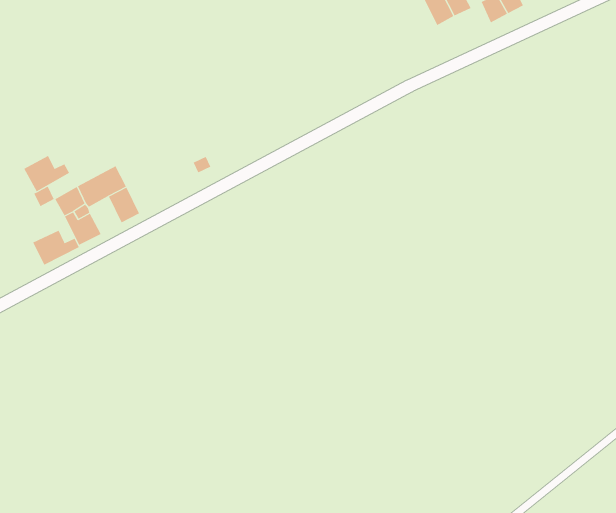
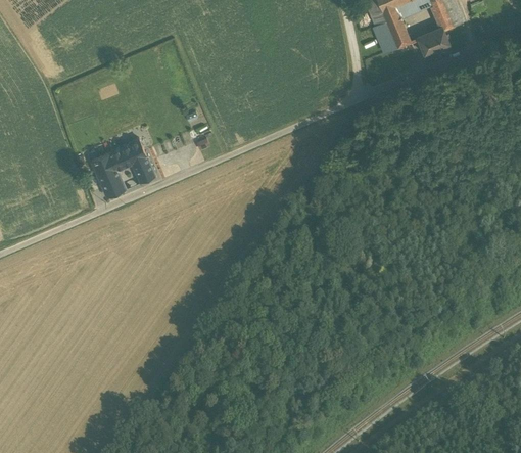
building: [23,155,70,192] -> none
building: [33,230,80,265] -> none

